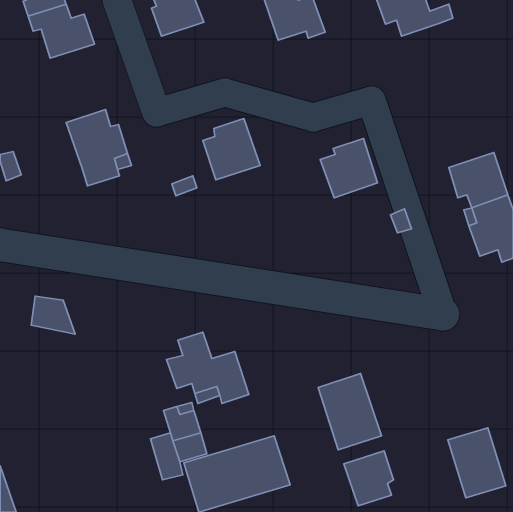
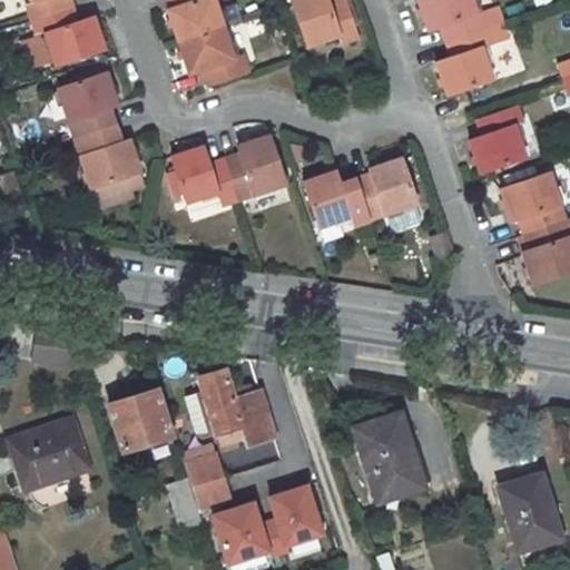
building: none -> [438,20,509,92]
building: none -> [179,24,250,86]
building: none -> [58,70,118,136]
building: none -> [473,104,532,171]
building: none -> [170,144,239,205]
building: none -> [303,168,371,227]
building: none -> [108,391,171,452]
building: none -> [6,416,91,493]
building: [344,451,393,506] -> none

